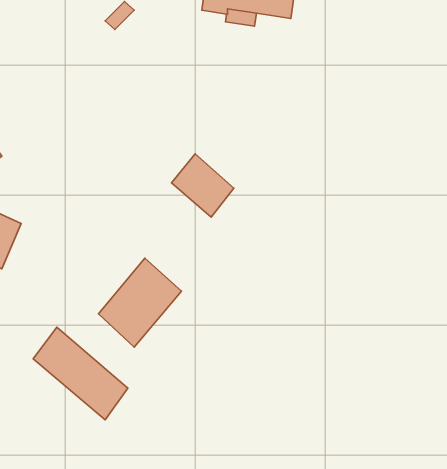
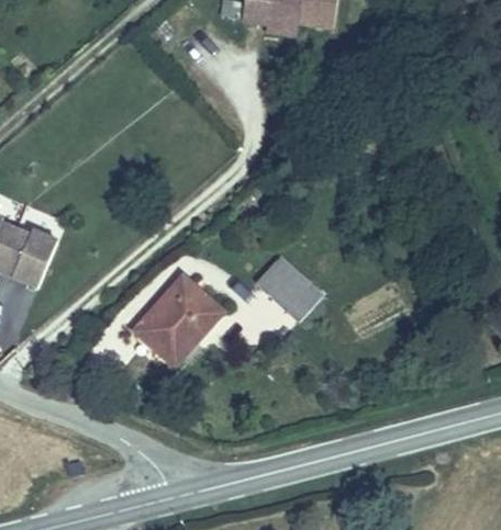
building: [172,154,234,217] -> [258,255,322,319]
building: [33,327,128,420] -> none

